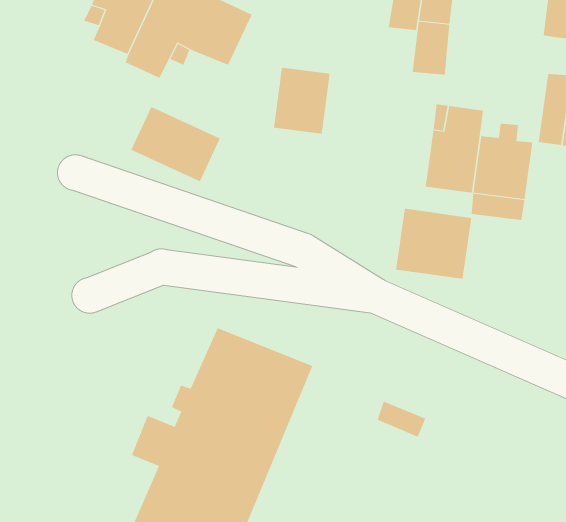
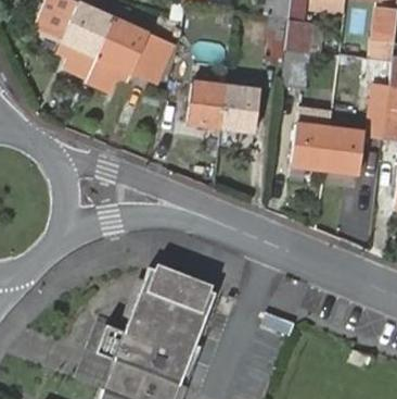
building: none -> [221,86,259,133]
building: [131,106,221,182] -> none
building: [396,208,472,280] -> none

